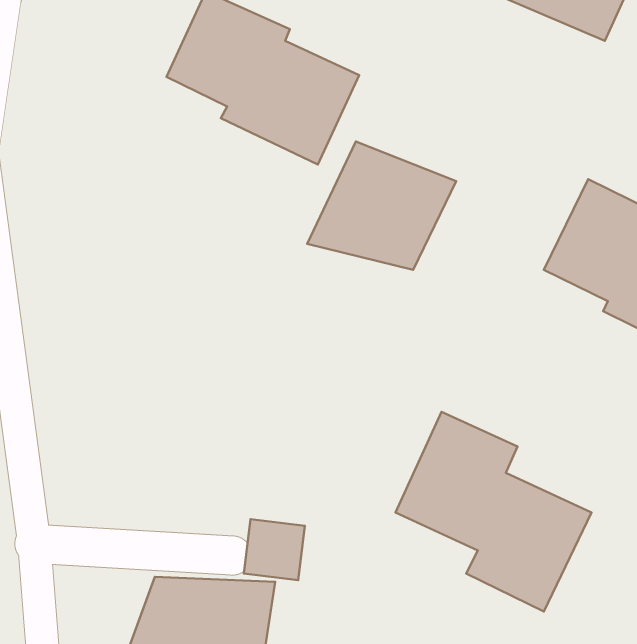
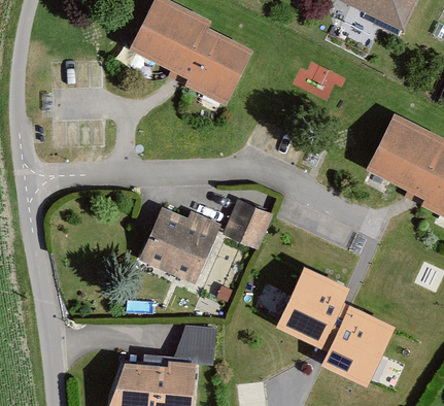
building: [307,142,456,270] -> none
building: none -> [224,201,272,251]
building: none -> [137,207,221,284]

